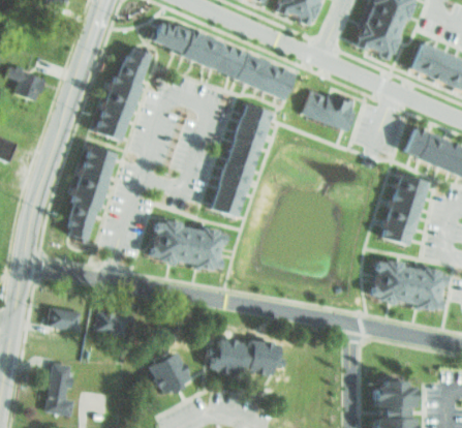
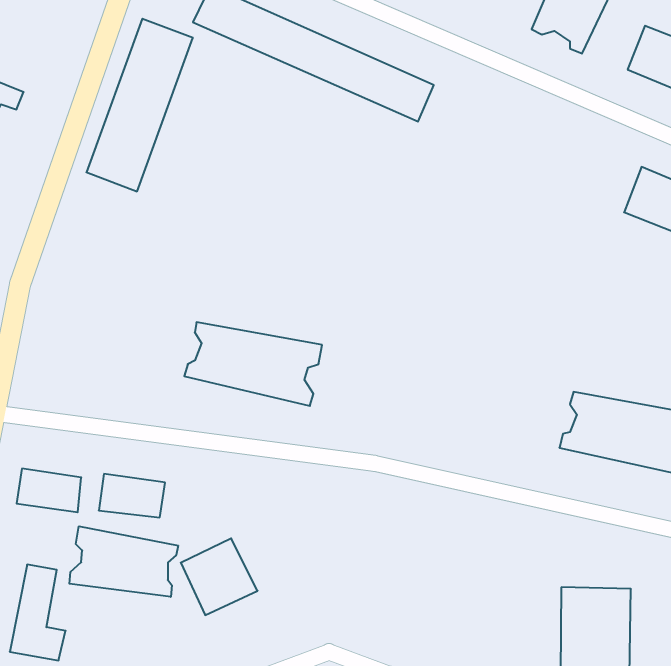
building: [299,90,360,135] -> none
building: [208,102,275,214] -> none
building: [59,141,122,242] -> none
building: [382,175,430,249] -> none
building: [203,339,279,379] -> none
building: none -> [69,526,178,597]

